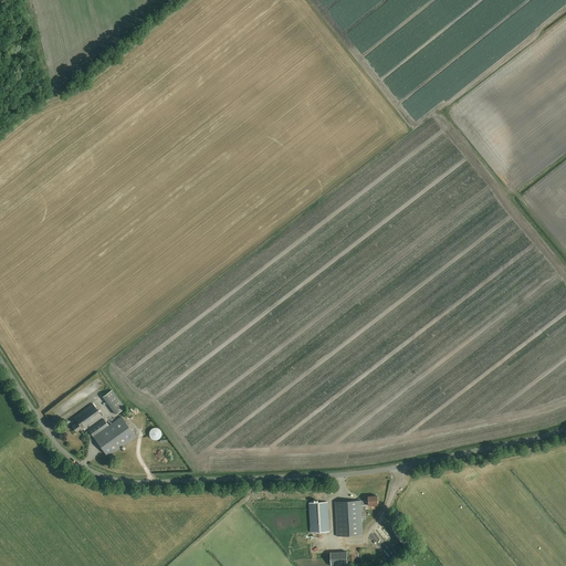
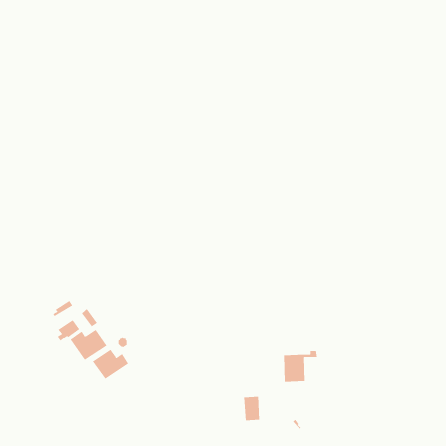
building: none -> [92,349,129,379]
building: [335,496,378,536] -> [283,351,317,382]

